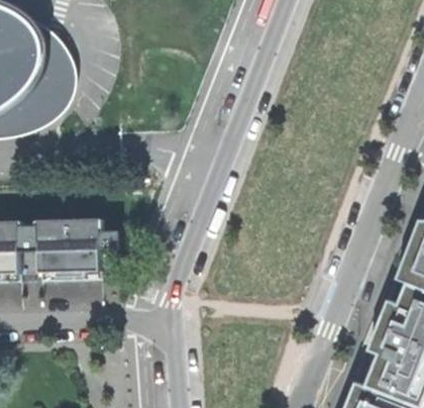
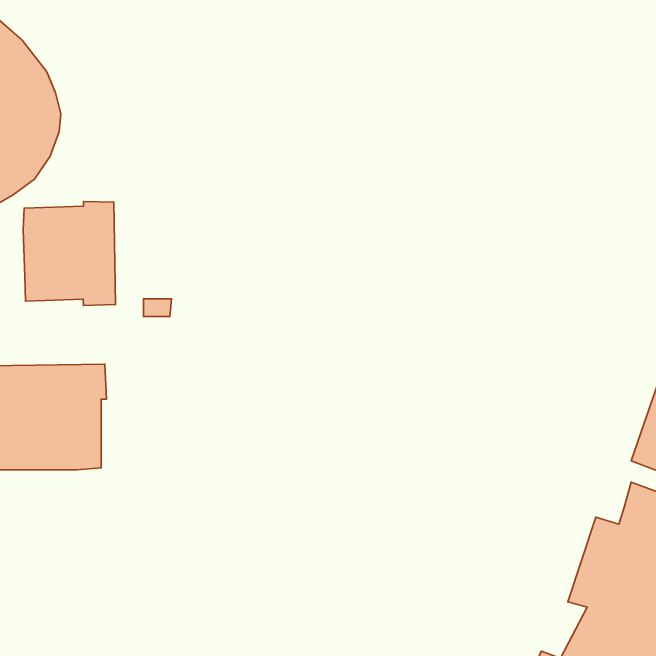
building: none -> [23,202,115,305]

